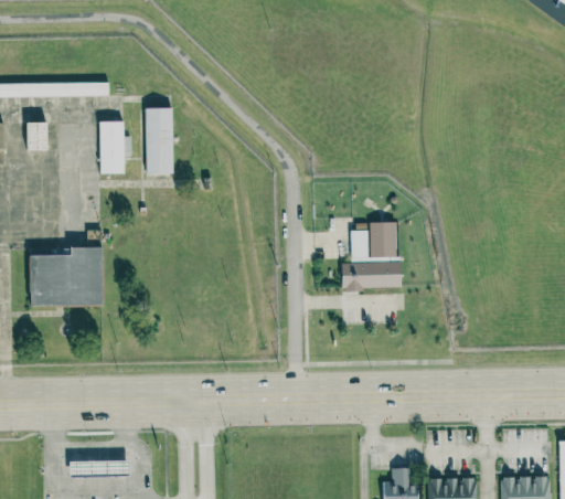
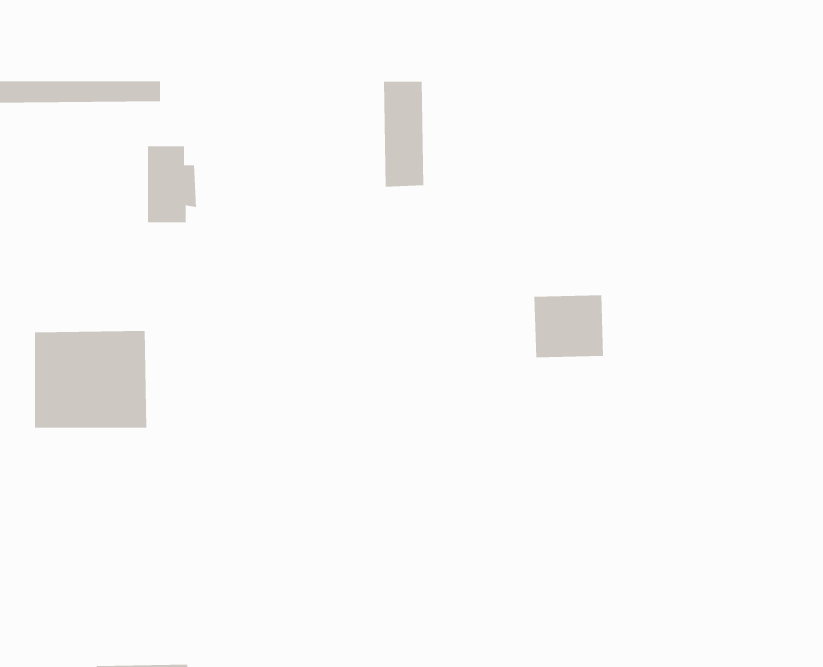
building: [148,109,174,178] -> [383,81,424,187]
building: [29,124,52,152] -> none
building: [341,261,399,288] -> none

